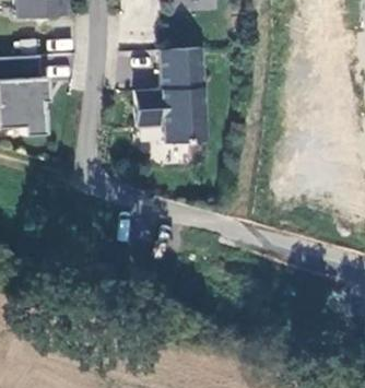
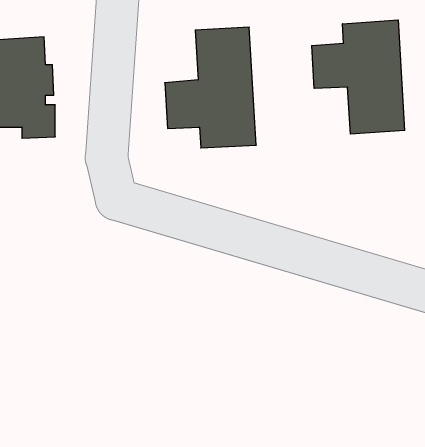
building: none -> [312,20,405,134]

